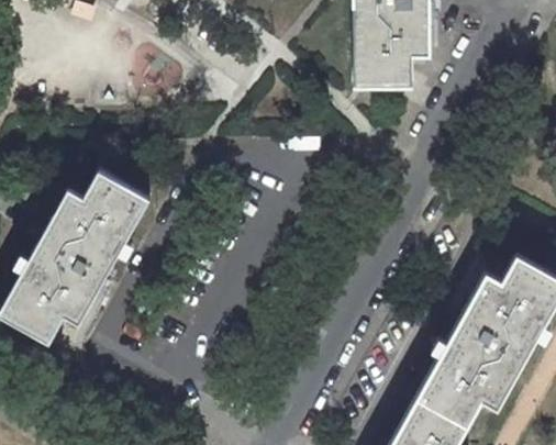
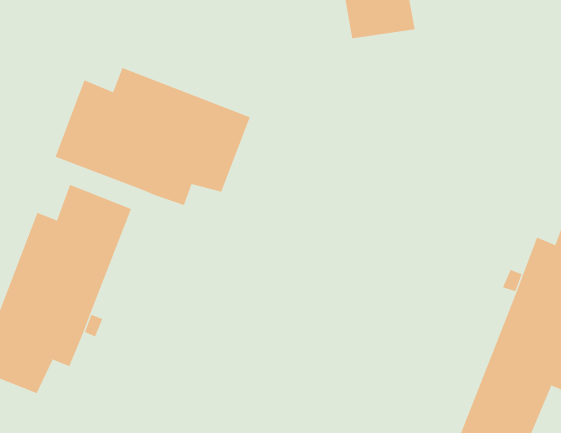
building: none -> [55,67,250,206]

